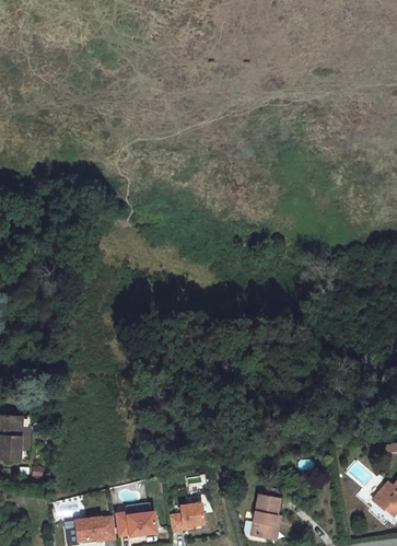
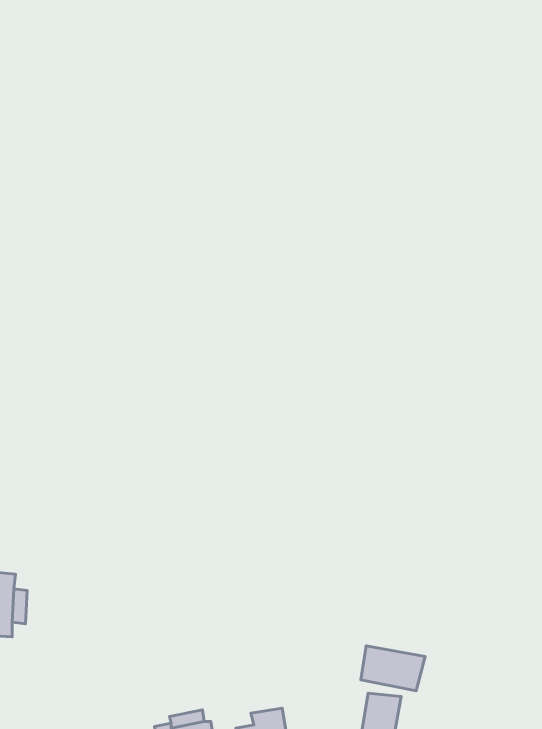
building: none -> [361,646,425,691]

